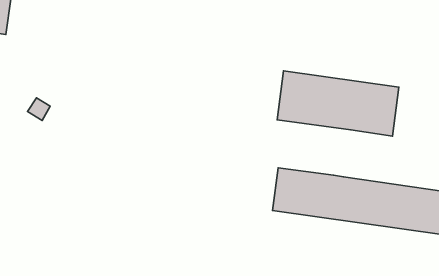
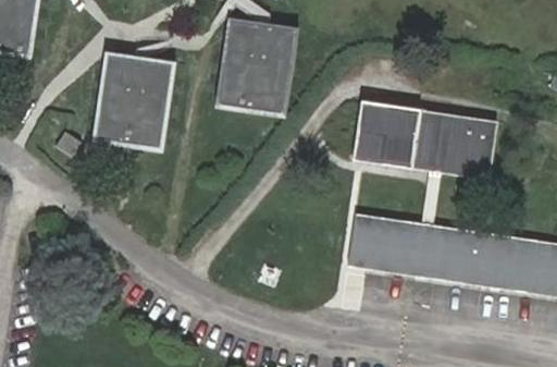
building: none -> [220,20,295,112]
building: none -> [97,56,172,147]

